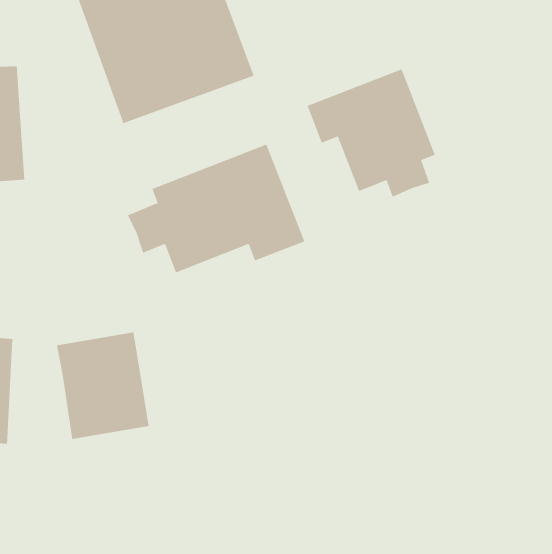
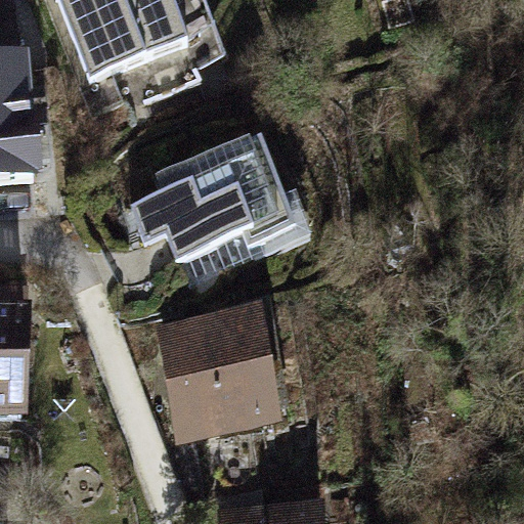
building: [307,69,435,197] -> none
building: [56,332,150,439] -> [164,321,251,422]

